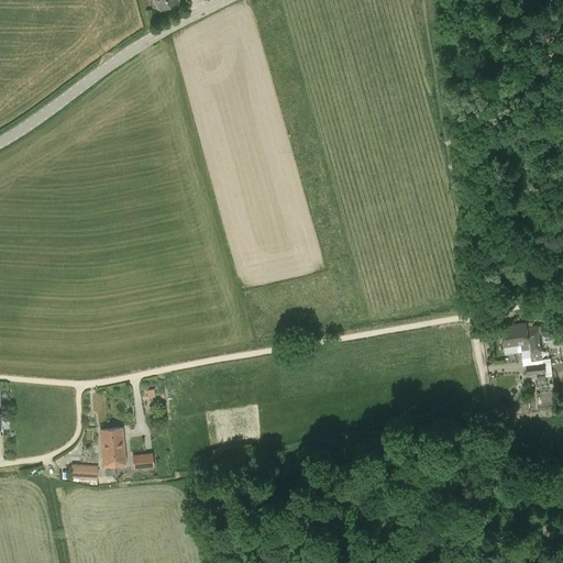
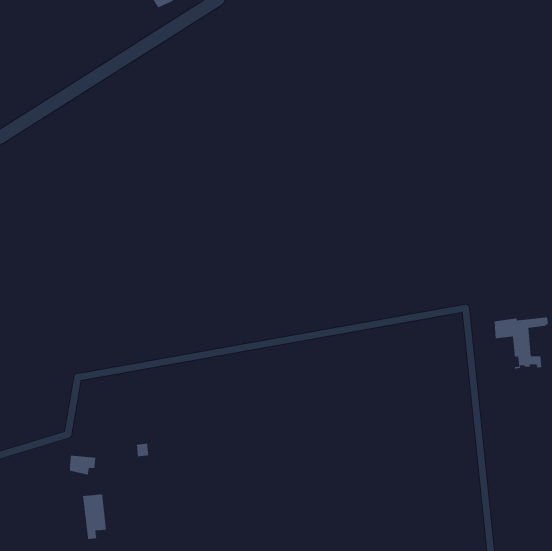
building: [100,427,125,474] -> [82,493,107,540]

